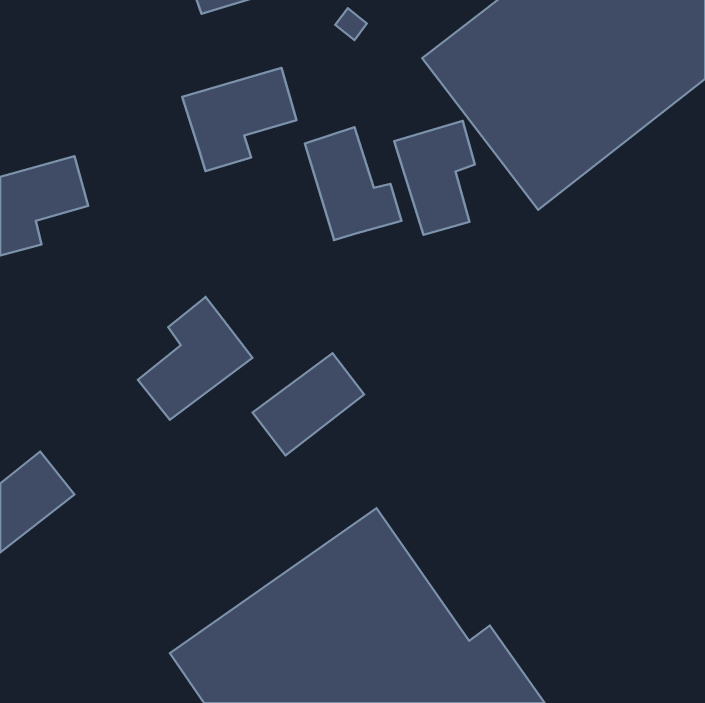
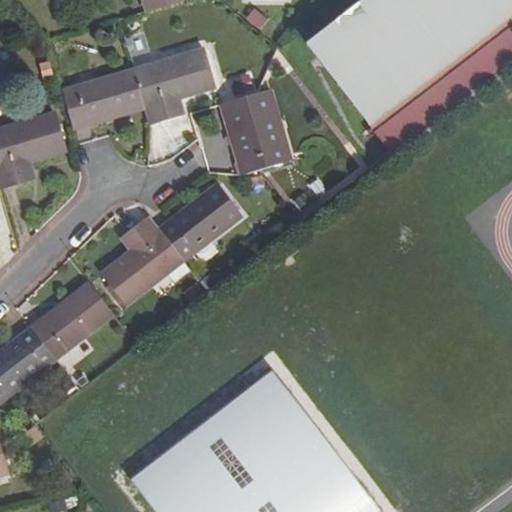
building: none -> [63,70,144,129]
building: [394,121,475,235] -> none
building: [252,353,364,455] -> [159,185,240,259]
building: none -> [29,282,111,358]

